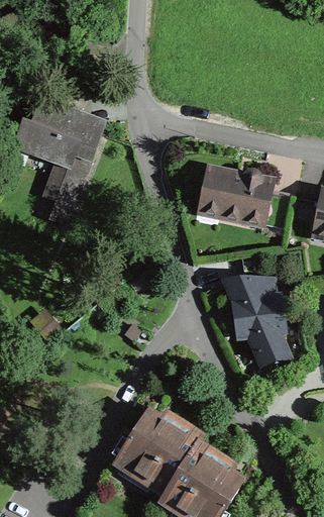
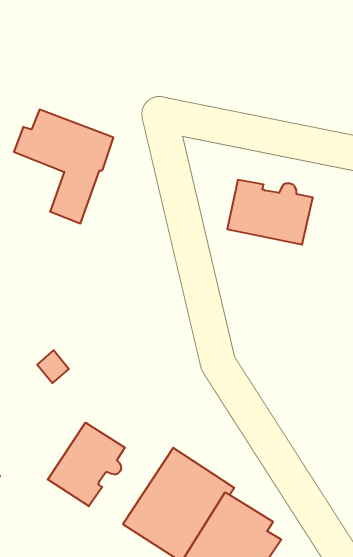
building: [226,277,285,363] -> none
building: none -> [48,423,125,506]

